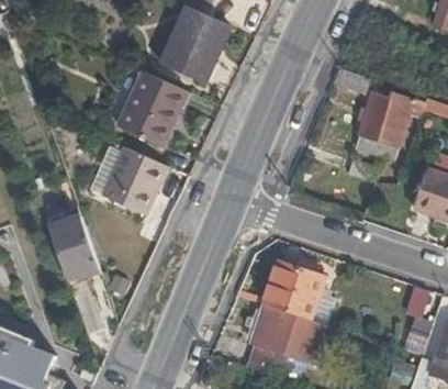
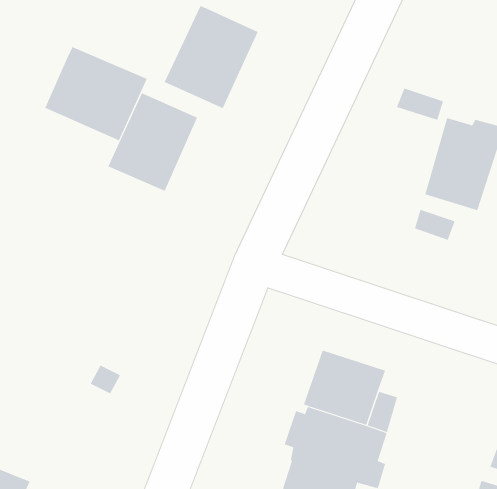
building: none -> [44,46,147,141]
building: [102,146,166,213] -> none
building: [47,215,97,278] -> none

